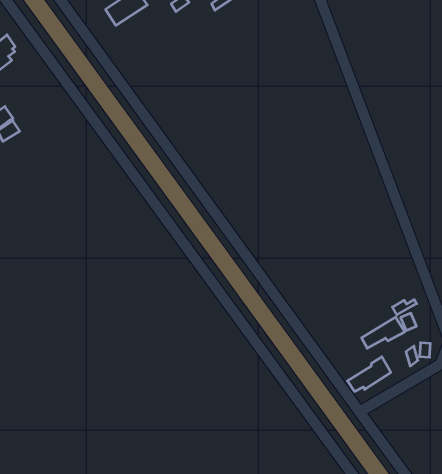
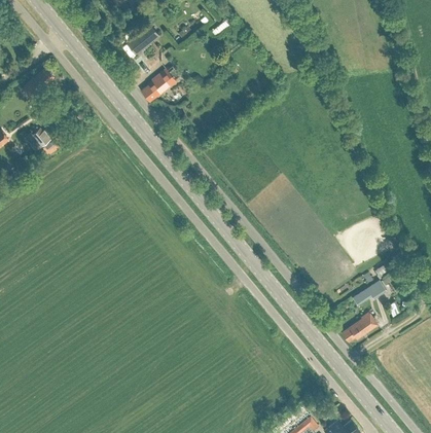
building: none -> [142,69,177,102]

